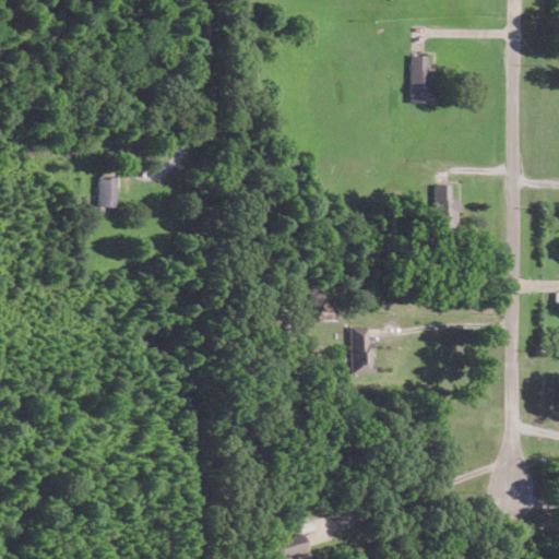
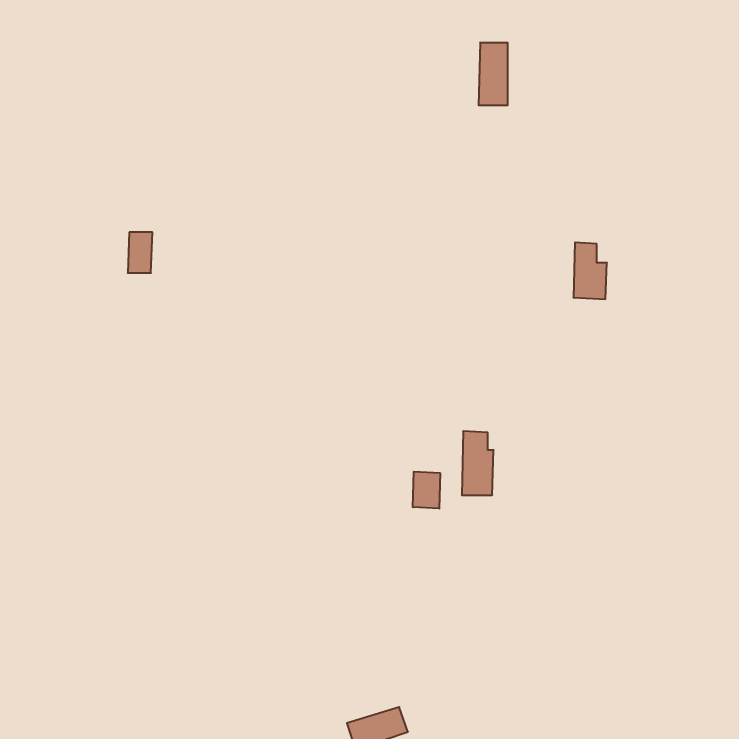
building: [409,56,431,103] -> [479,43,508,105]
building: none -> [413,472,440,509]

